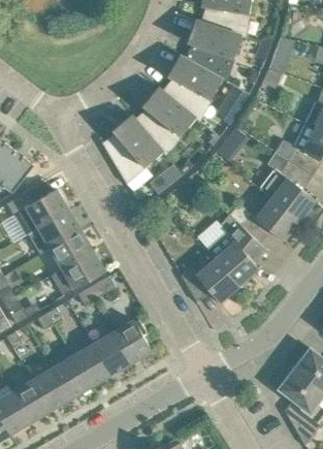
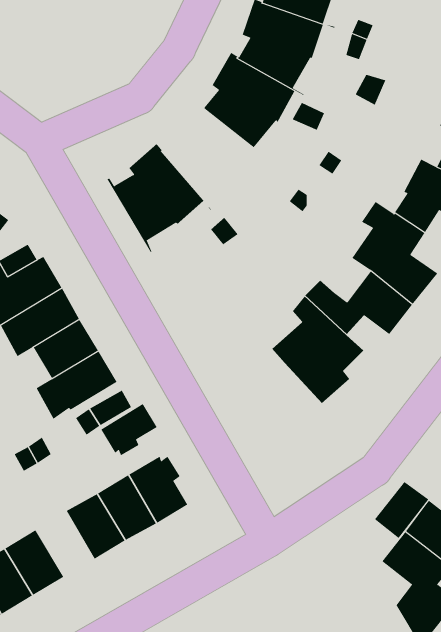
building: [134,87,201,157] -> none
building: [180,258,239,301] -> none
building: none -> [101,403,158,456]
building: none -> [374,481,429,539]
building: [52,355,90,398] -> none

